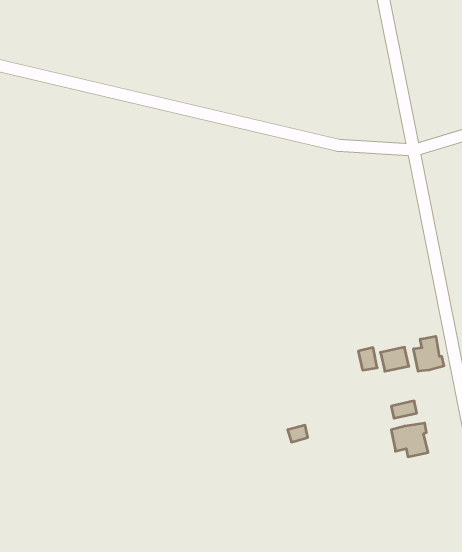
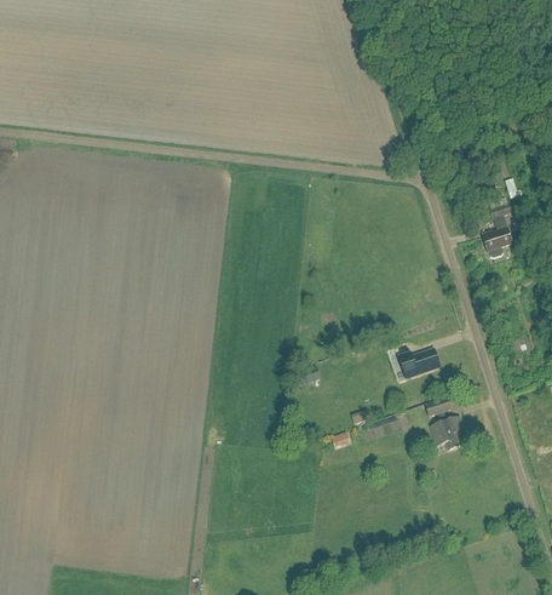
building: [414,336,444,371] -> none

